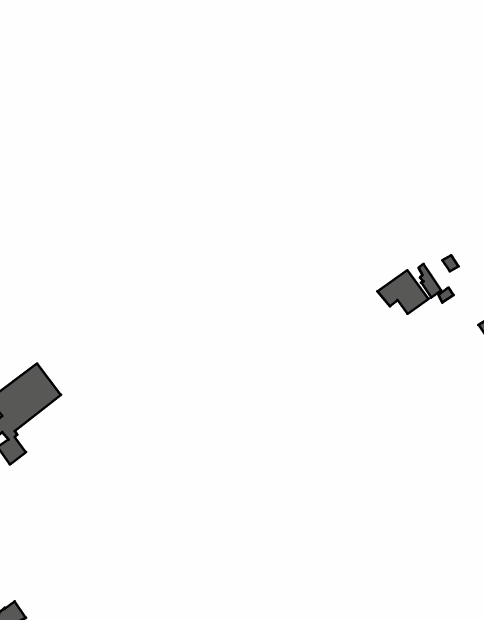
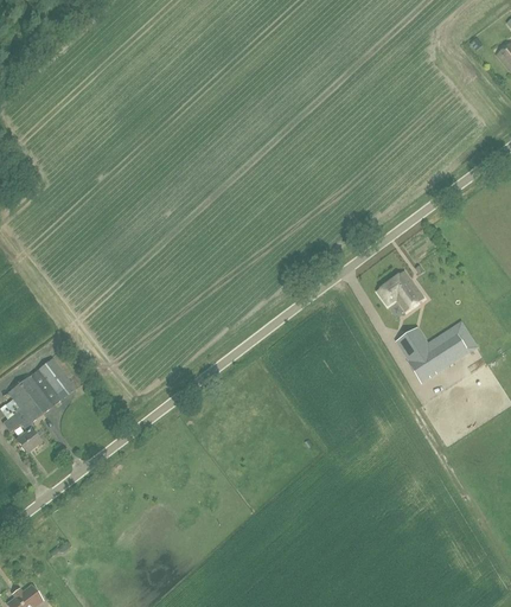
building: none -> [402,331,468,382]

